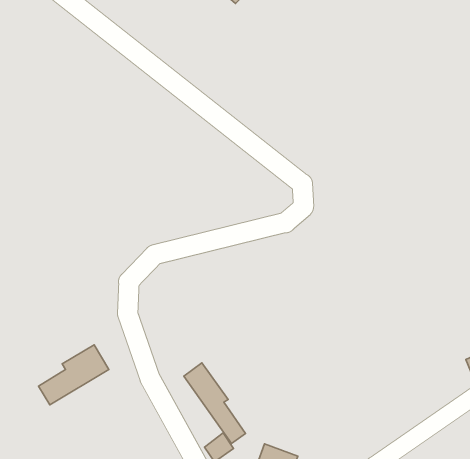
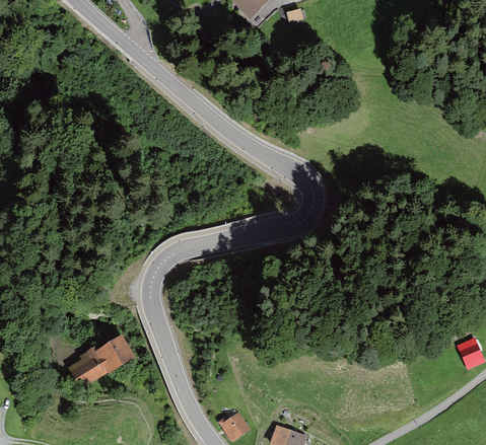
building: [184,363,245,444] -> none

